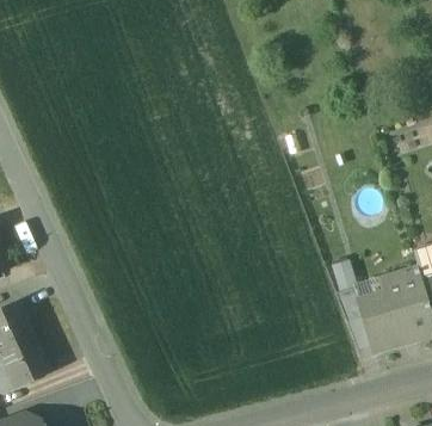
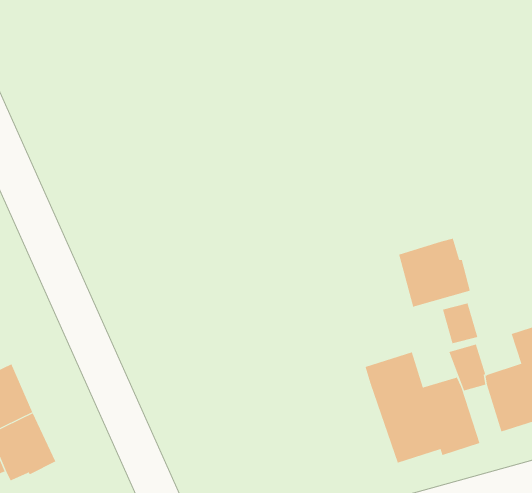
building: none -> [398,238,470,308]
building: none -> [365,351,480,464]

